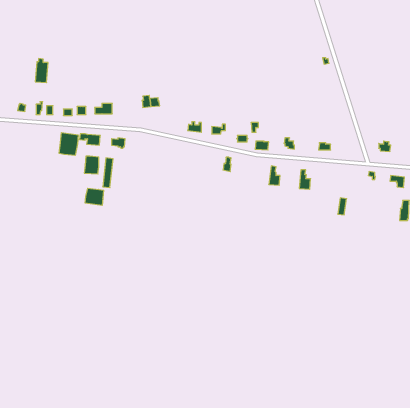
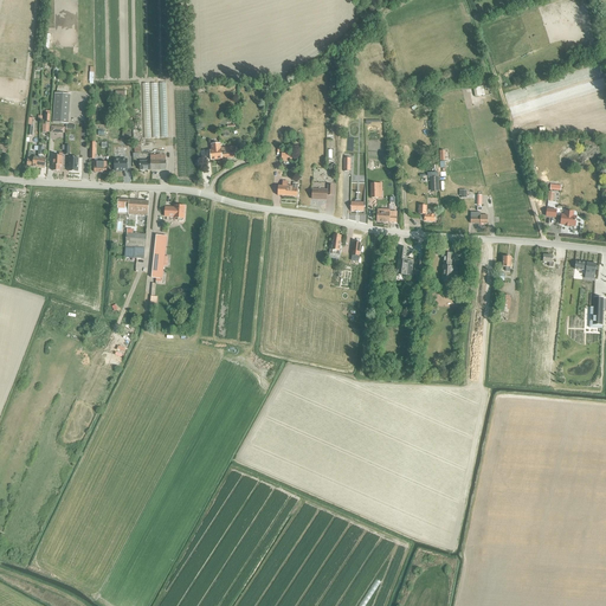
building: [59,133,78,155] -> none
building: [85,188,104,205] -> none

